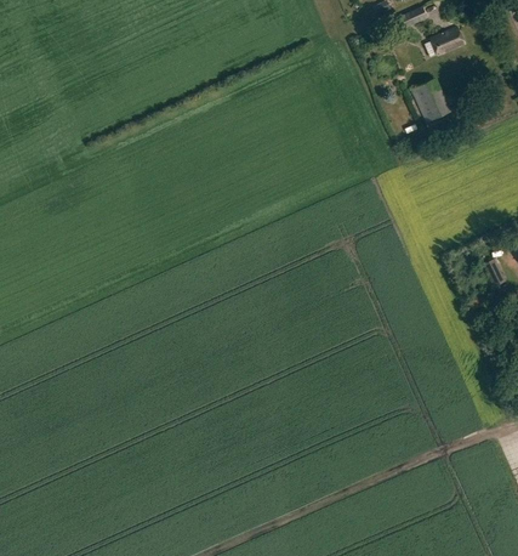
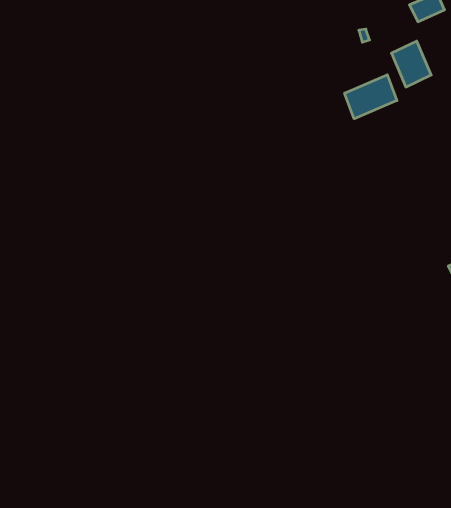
building: none -> [345,75,397,119]

